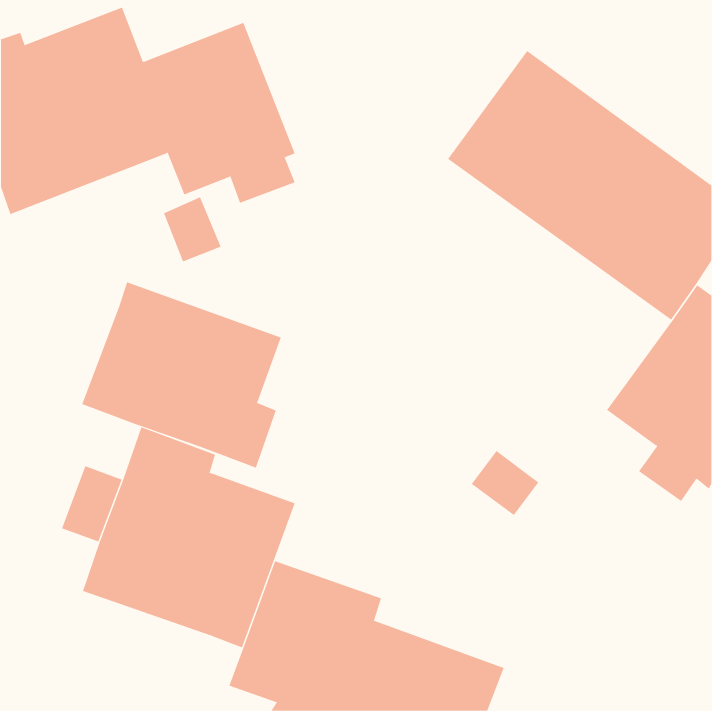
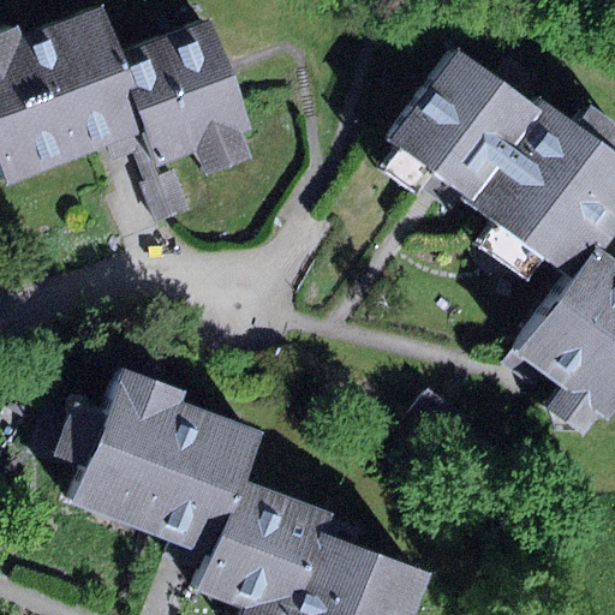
building: [81,282,282,468] -> none

